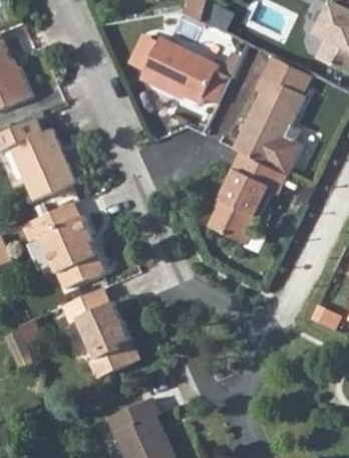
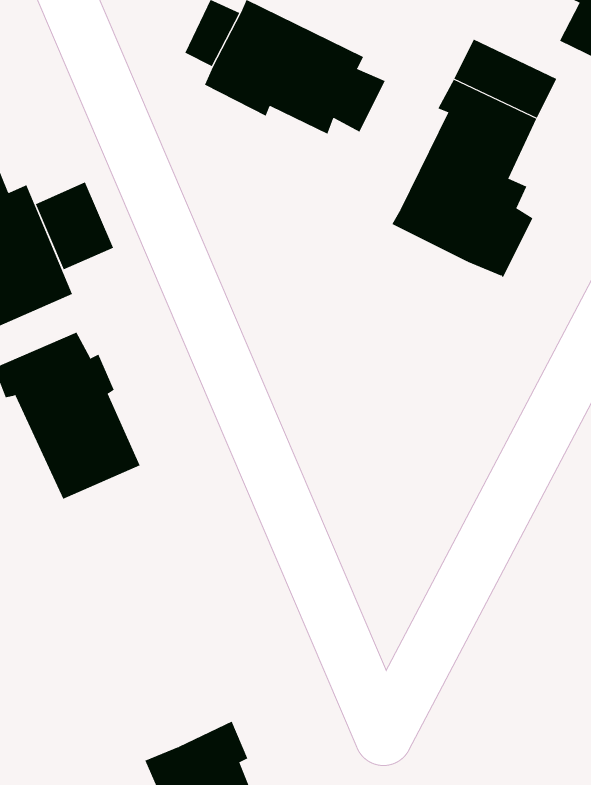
building: none -> [35,182,114,270]
building: [210,153,287,243] -> none
building: [60,289,131,381] -> none

